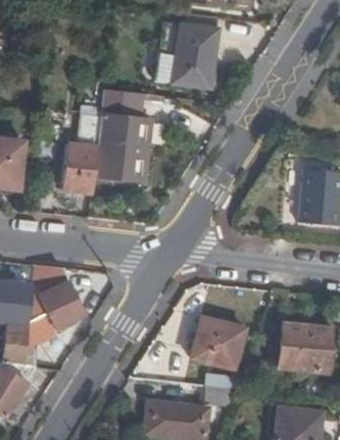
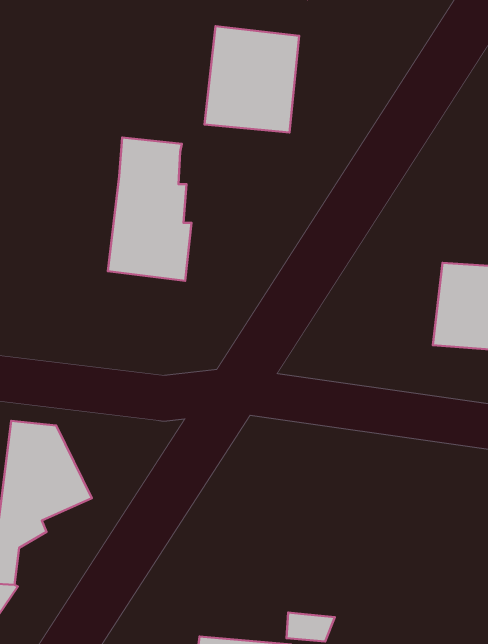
building: [63,87,104,191] -> none
building: [193,321,244,367] -> none
building: [277,327,330,374] -> none

